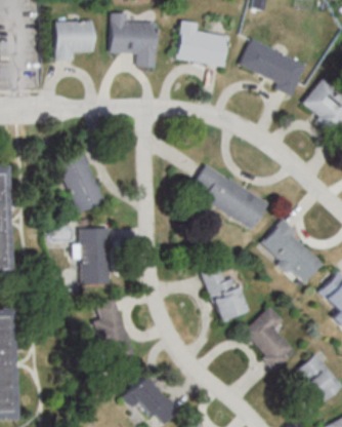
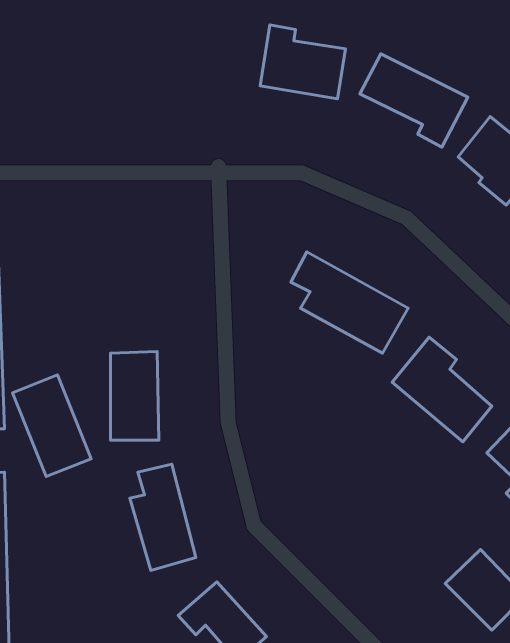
building: [110,12,159,67] -> none
building: [55,18,95,61] -> none
building: [57,150,108,215] -> [12,375,91,476]
building: [203,267,248,321] -> none
building: [244,308,298,371] -> none

